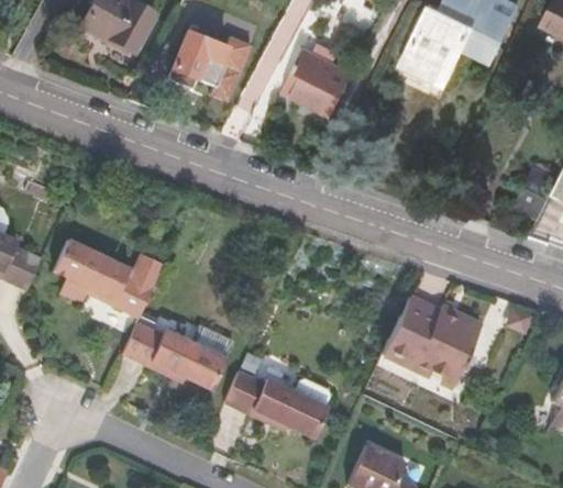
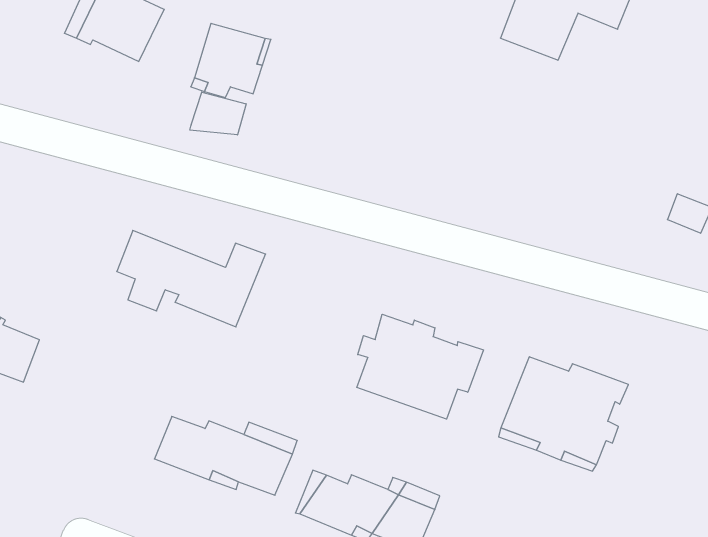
building: [284,44,355,117] -> none
building: none -> [190,92,246,135]
building: [54,240,166,318] -> [117,230,266,327]
building: none -> [357,314,483,419]

